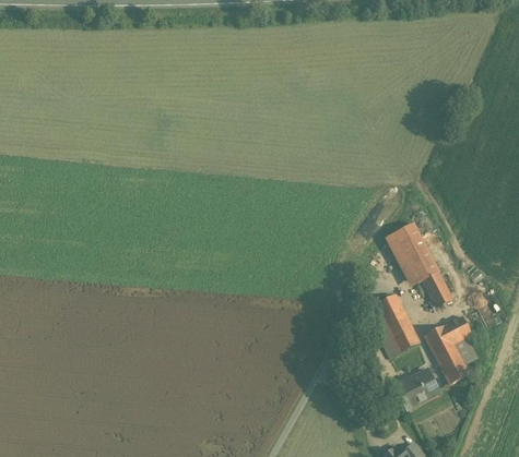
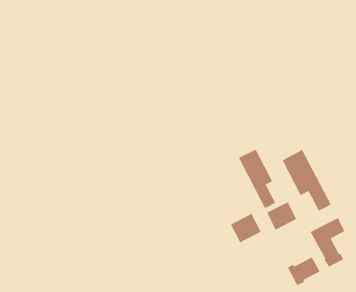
building: none -> [238,149,276,209]
building: [378,317,421,358] -> [230,213,262,243]

